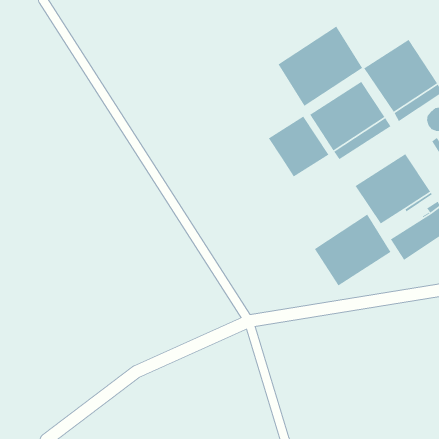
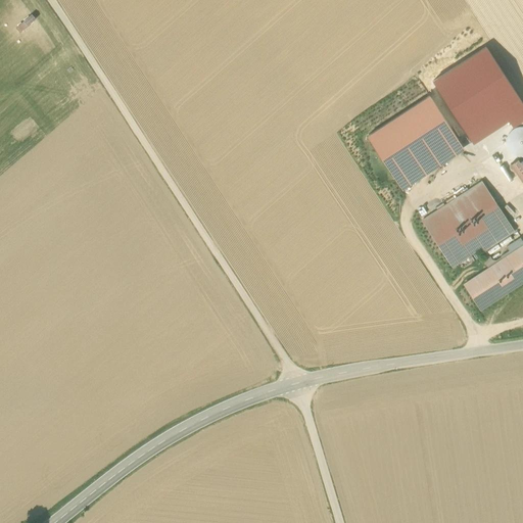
building: [277,25,363,107] -> none
building: [268,115,329,178] -> none
building: [314,214,391,286] -> none

